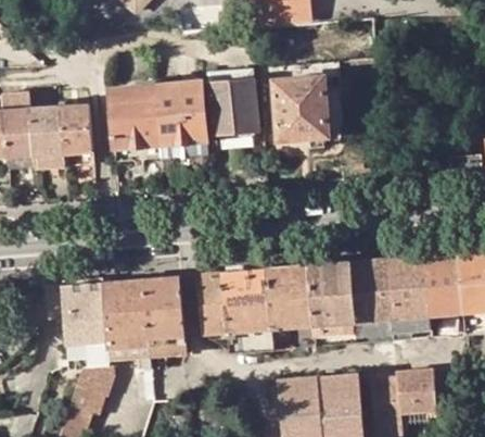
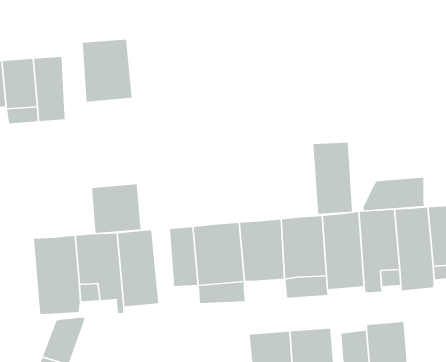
building: [259,61,342,139] -> none
building: [209,78,259,133] -> none
building: [155,79,208,143] -> none
building: none -> [312,142,353,215]
building: none -> [363,177,425,211]
building: none -> [91,184,141,234]

